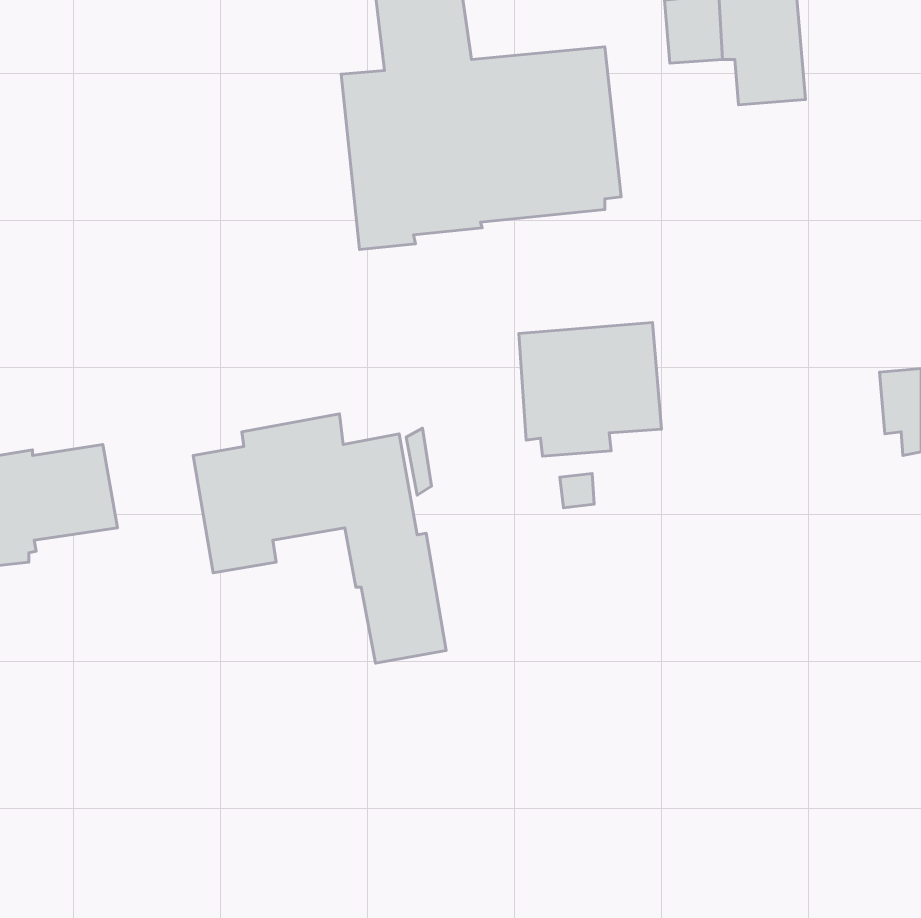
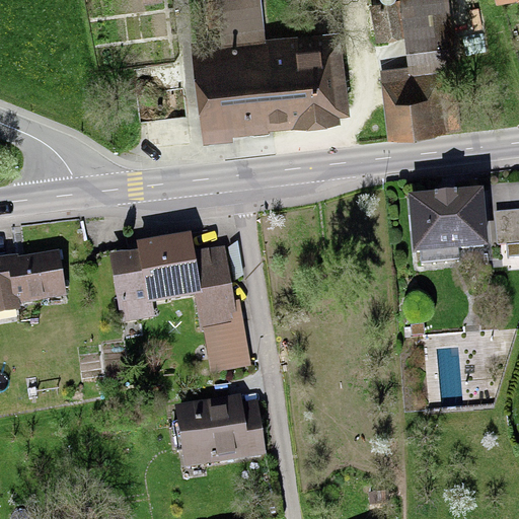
building: none -> [380,59,447,136]
building: [519,323,662,456] -> [407,189,488,264]
building: none -> [174,394,265,465]

